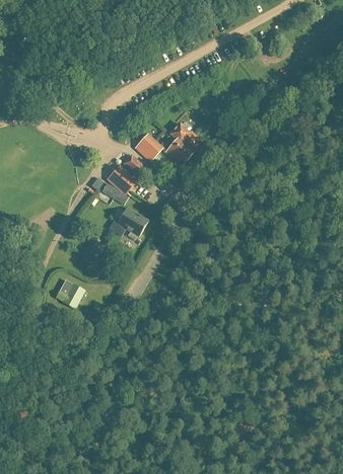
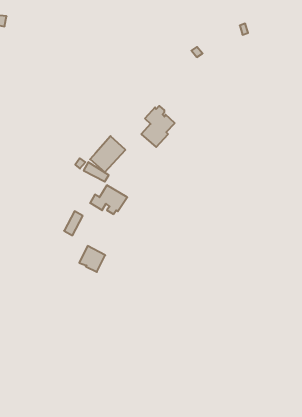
building: [134,134,161,161] -> none
building: [55,279,83,307] -> [79,246,105,272]

